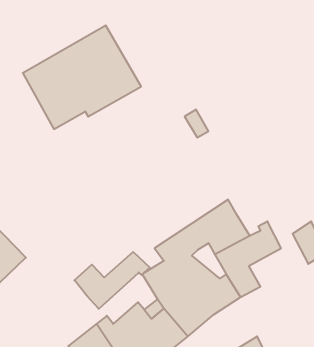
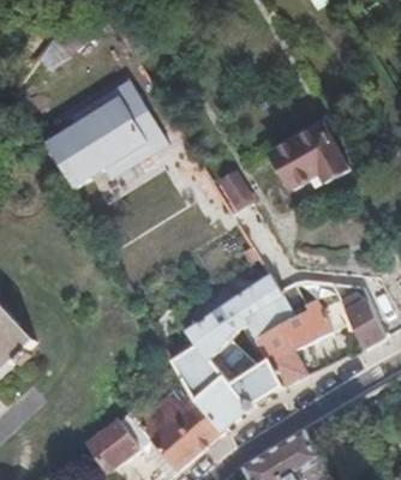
building: none -> [270,121,349,188]
building: [74,252,150,309] -> none

